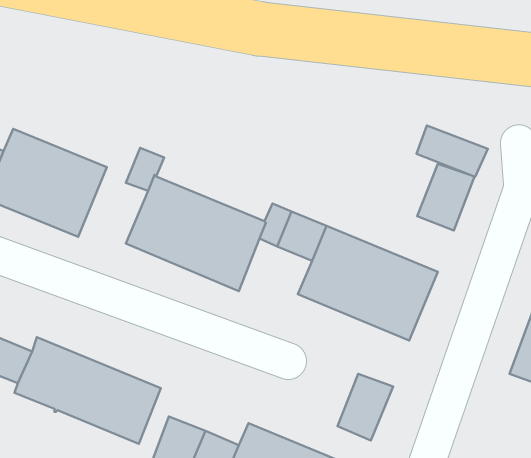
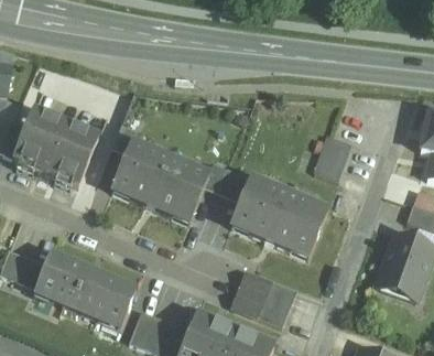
building: [417,126,488,177] -> none
building: none -> [231,269,272,315]

